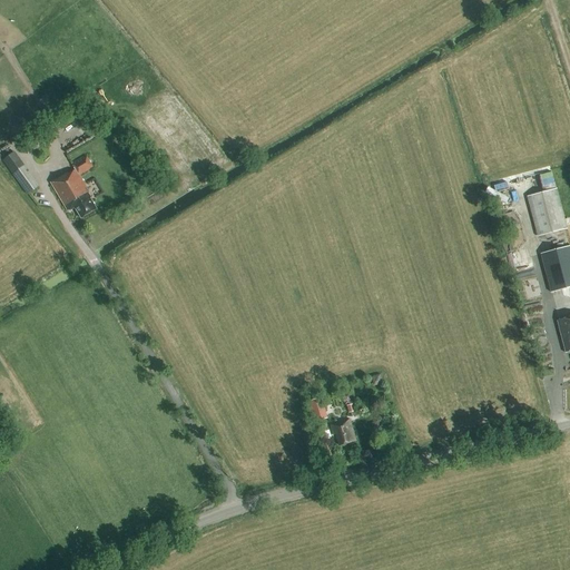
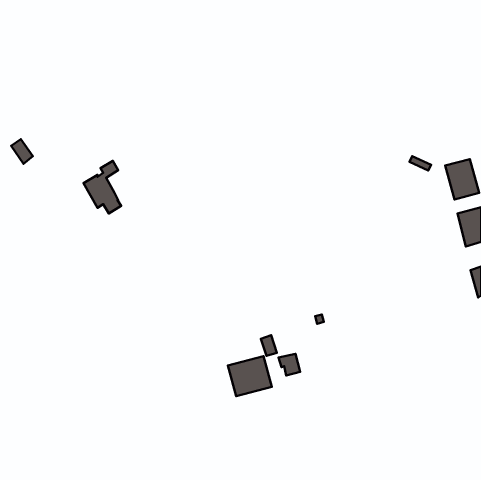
building: [51,155,96,217] -> [83,161,121,213]
building: none -> [228,356,272,396]

